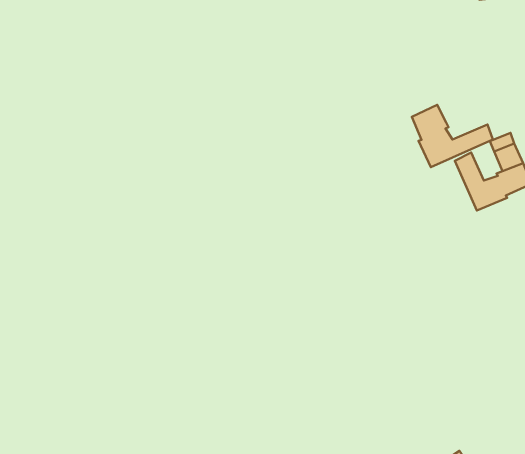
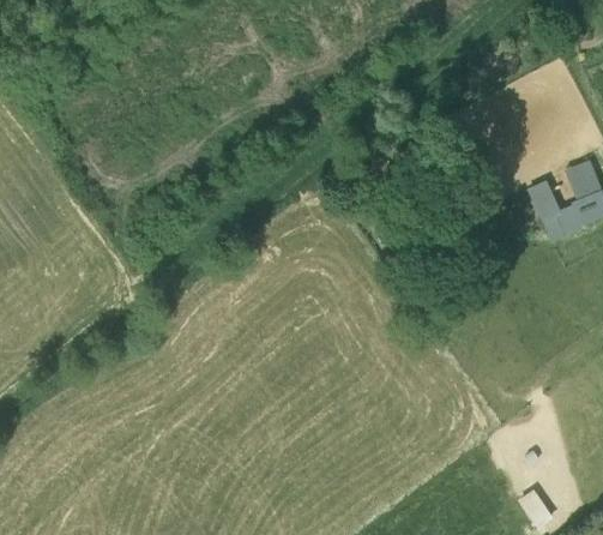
building: [412,105,493,167] -> none

